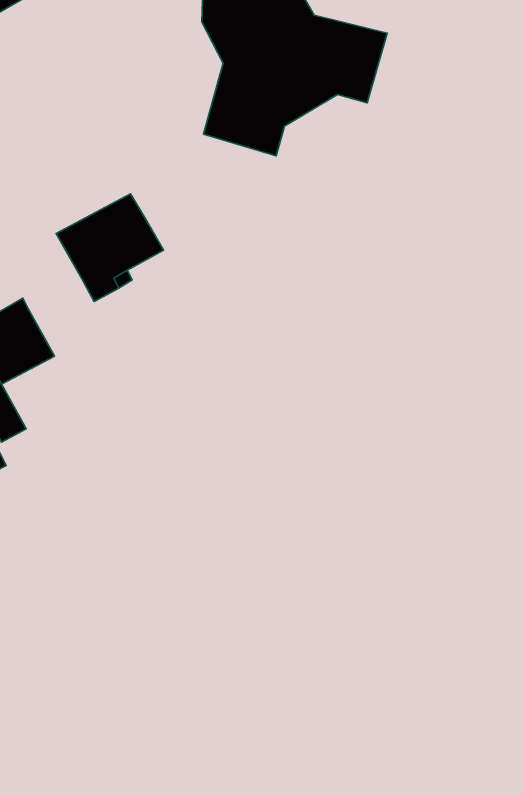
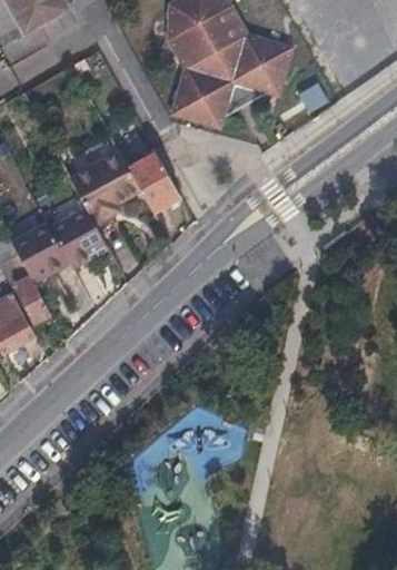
building: none -> [129,155,181,214]
building: none -> [50,212,107,268]

